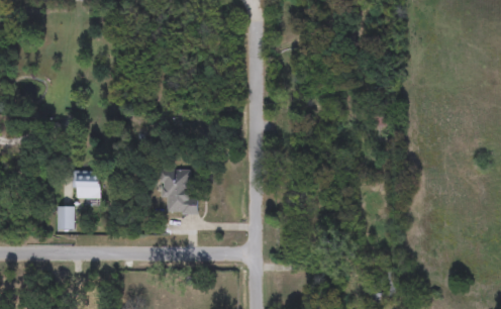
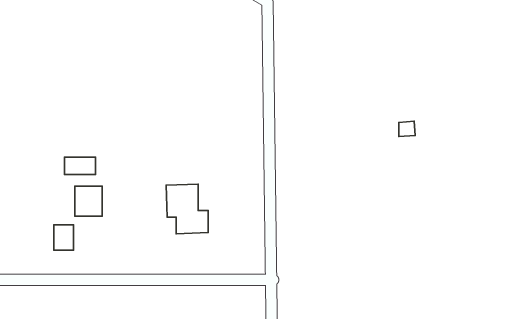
building: none -> [64,157,96,175]

